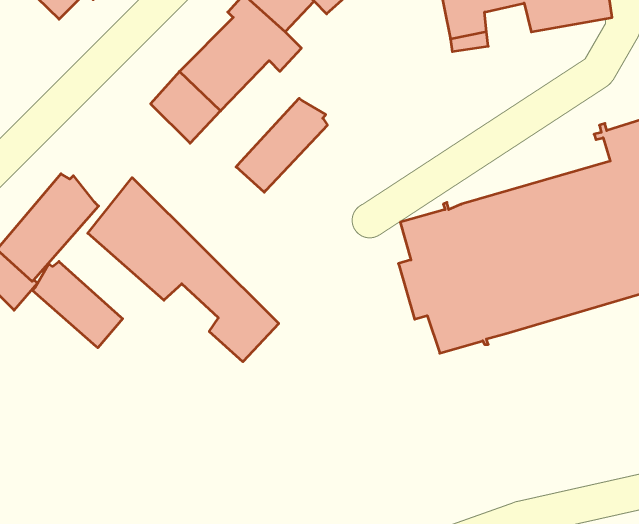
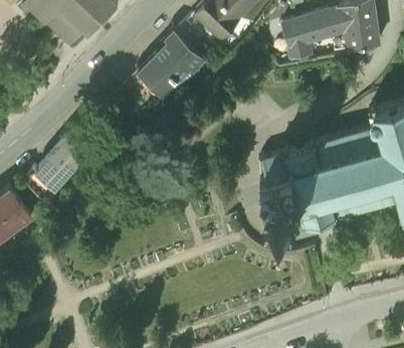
building: [236,98,327,192] -> none
building: [88,178,279,362] -> none
building: [33,261,123,348] -> none

